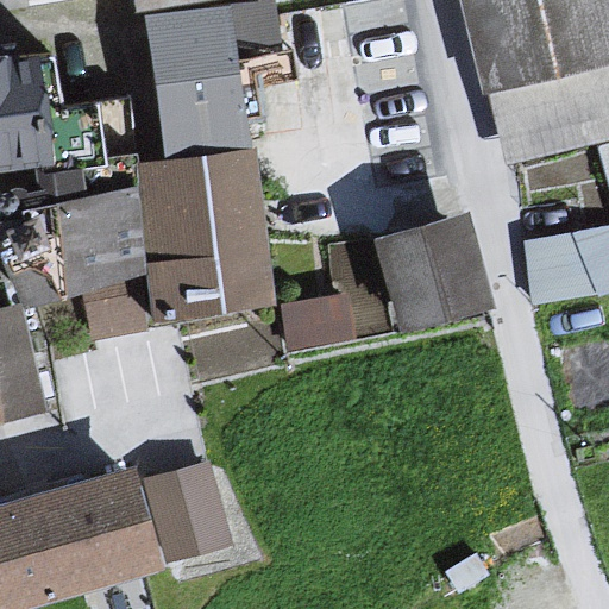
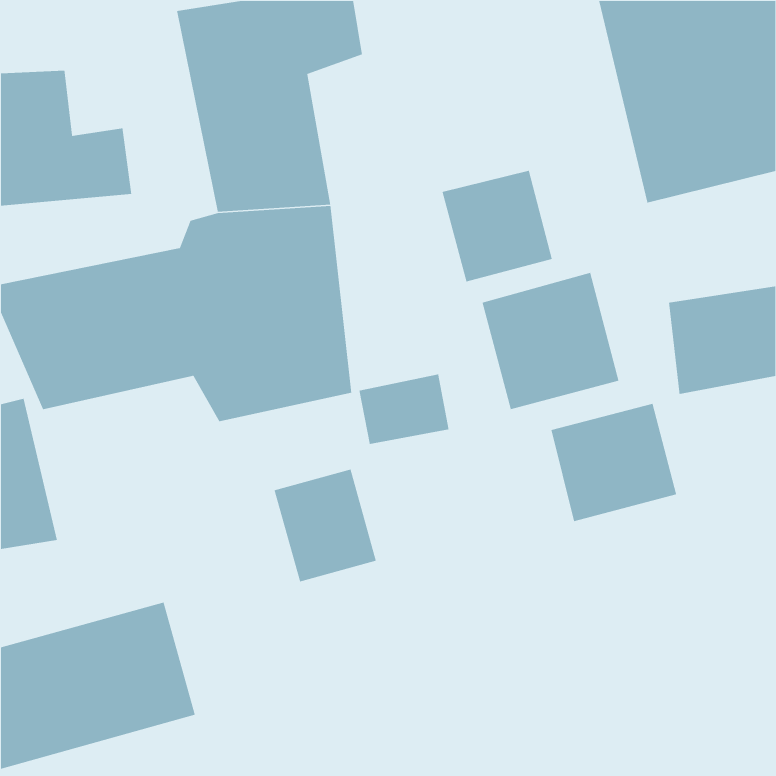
building: none -> [442,170,553,283]
building: none -> [551,403,677,522]
building: [144,466,225,555] -> [274,469,377,582]

